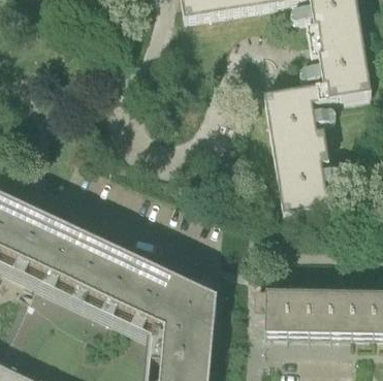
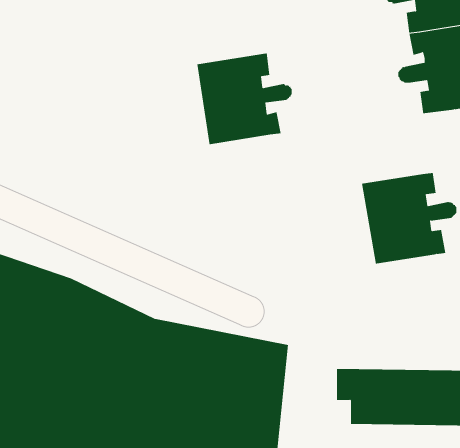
building: [263,84,334,152] -> [196,53,293,145]

